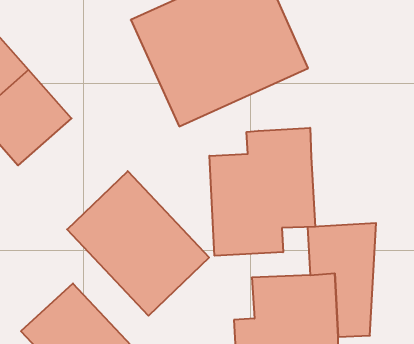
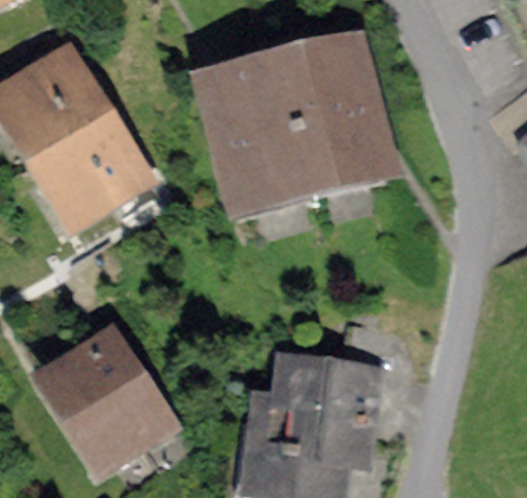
building: [209,128,315,256] -> none
building: [67,171,209,316] -> none

